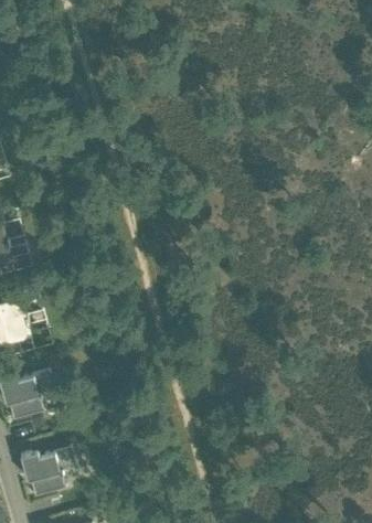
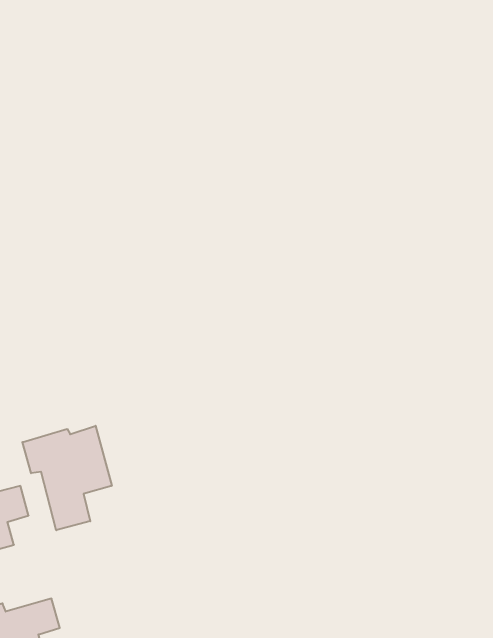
building: none -> [22,426,112,530]

